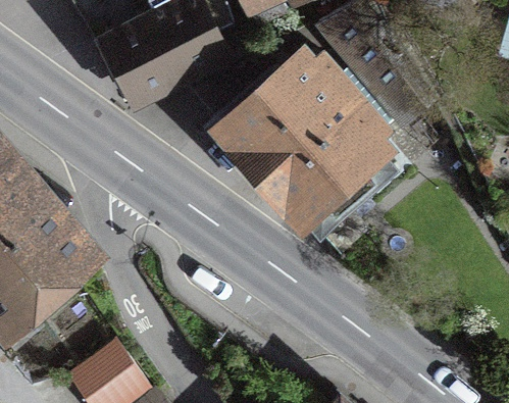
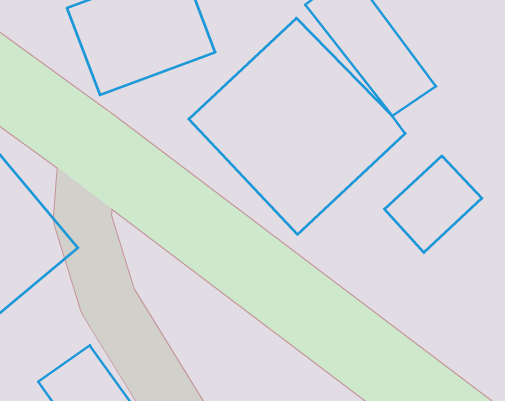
building: none -> [384,156,482,253]

